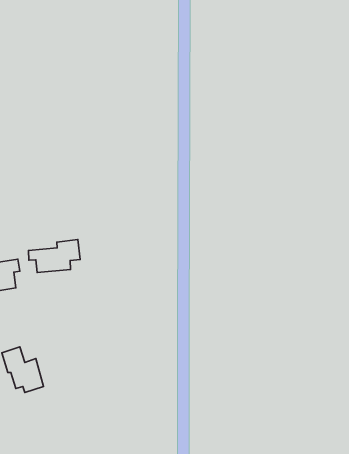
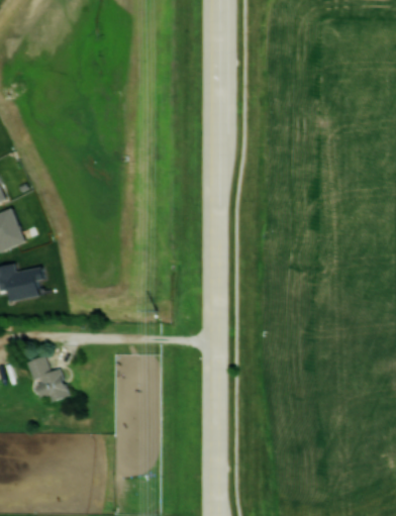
building: [28,240,80,272] -> none

